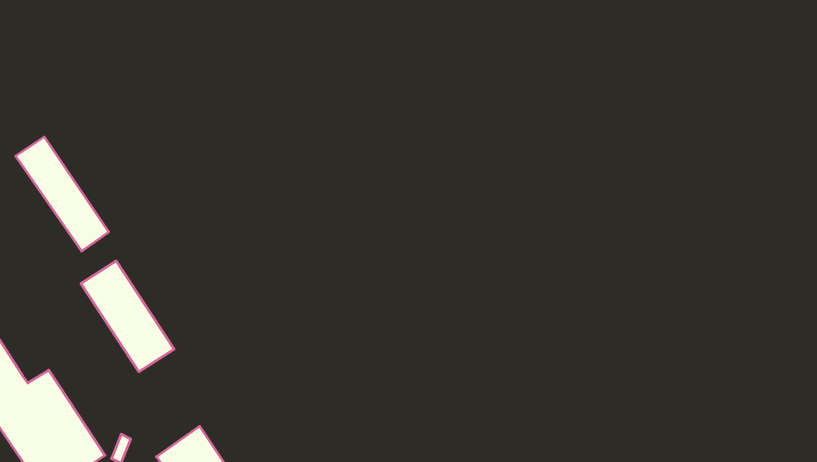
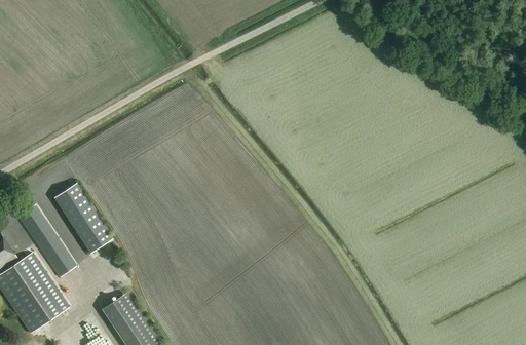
building: [16,137,109,251] -> [16,204,76,277]

